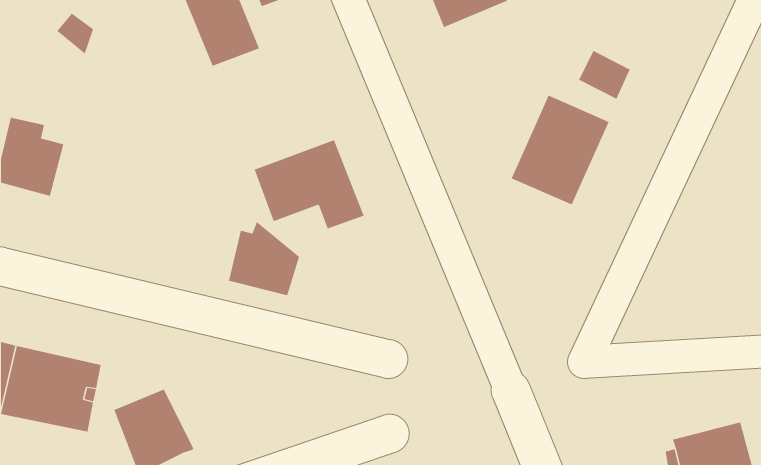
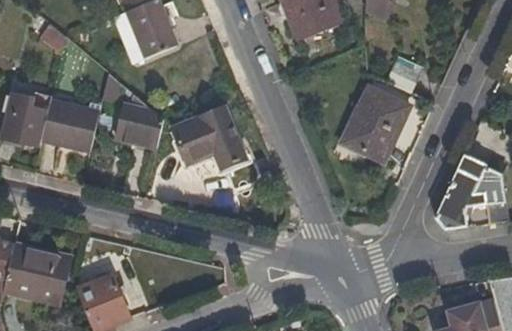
building: none -> [40,100,99,154]
building: none -> [434,155,504,228]
building: [228,221,300,296] -> [115,98,163,148]

